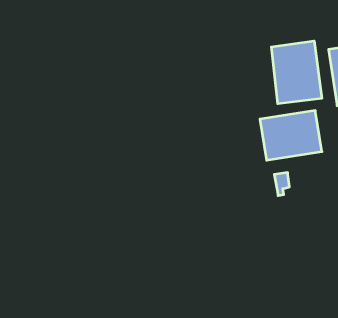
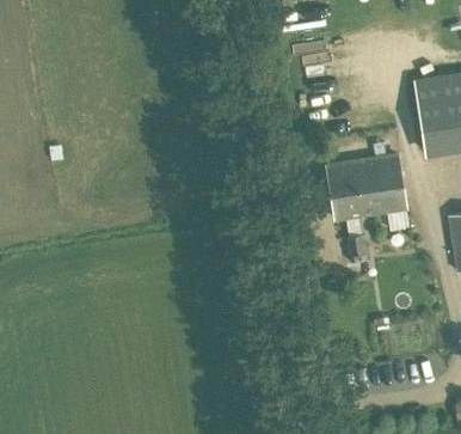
building: [271,41,322,104] -> none

